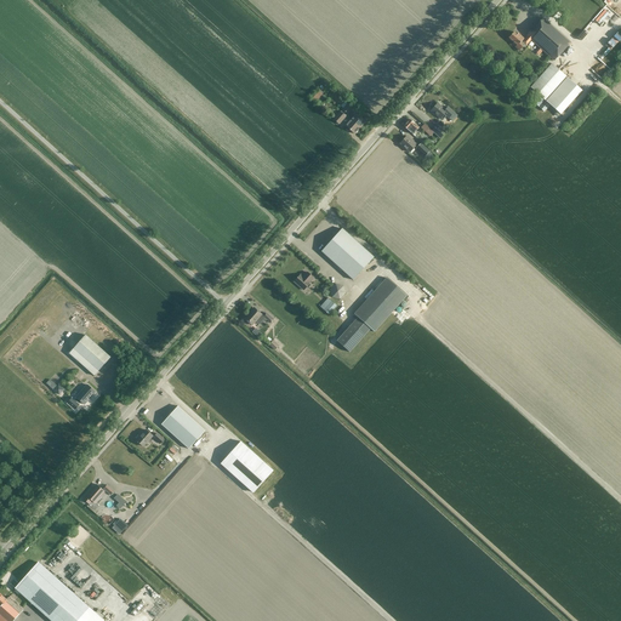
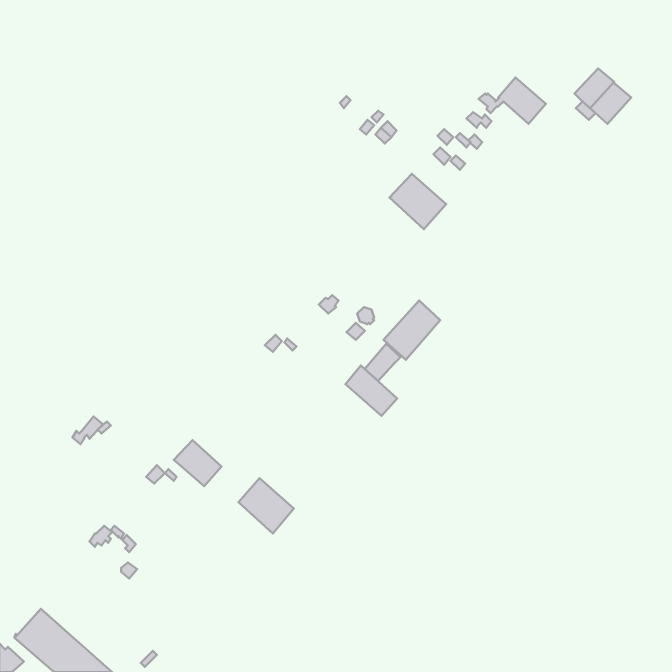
building: [507,17,569,59] -> [478,78,546,124]
building: [320,228,372,279] -> [389,174,446,229]
building: [68,334,109,375] -> none
building: none -> [345,365,397,416]

